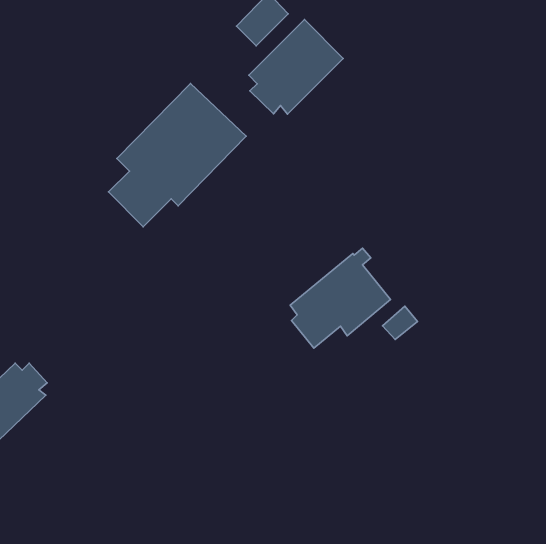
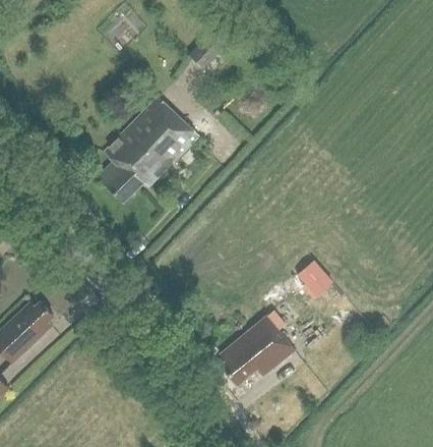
building: [249,19,343,114] -> none
building: [290,248,390,348] -> [221,312,294,385]

